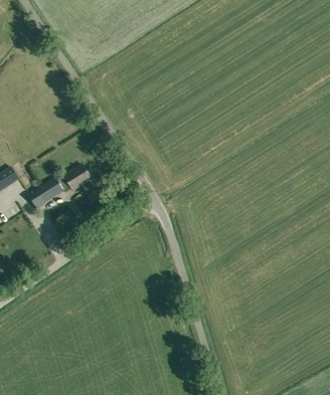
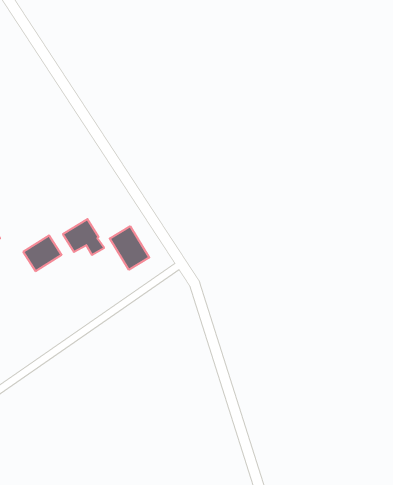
building: none -> [110,226,149,270]

